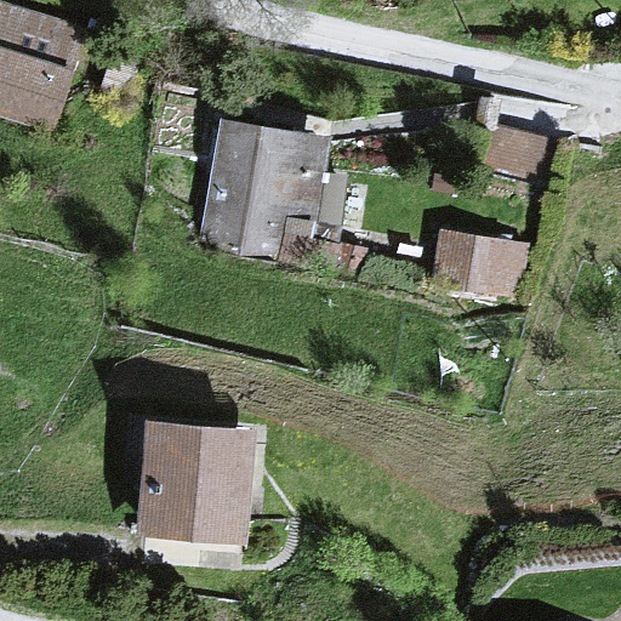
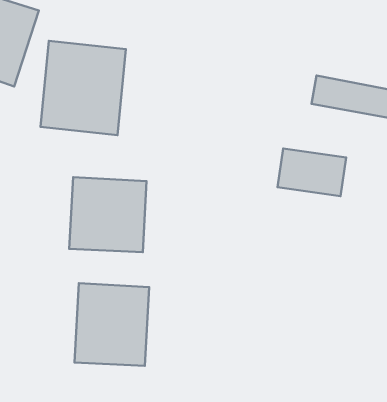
building: [205,121,330,260] -> [41,41,126,135]
building: none -> [69,177,146,252]

